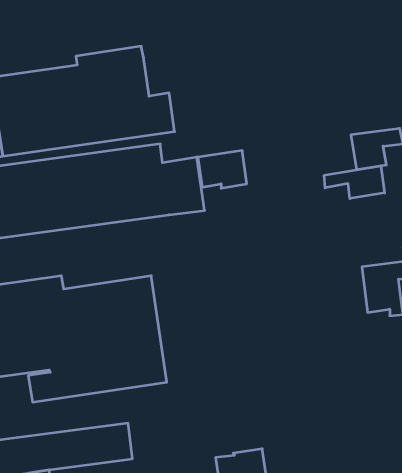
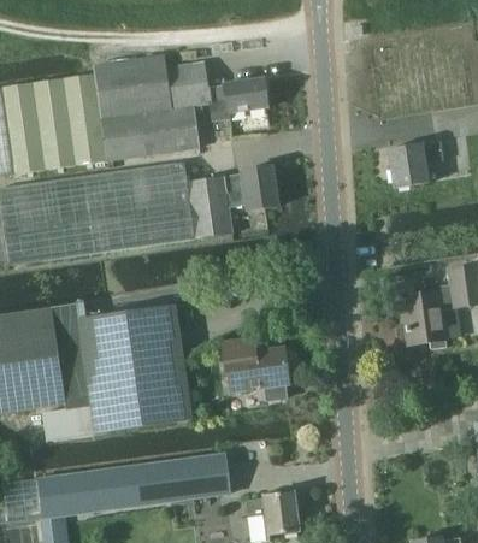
building: none -> [166,60,267,120]
building: [324,166,385,199] -> none
building: none -> [222,340,291,401]
building: none -> [149,453,230,502]

